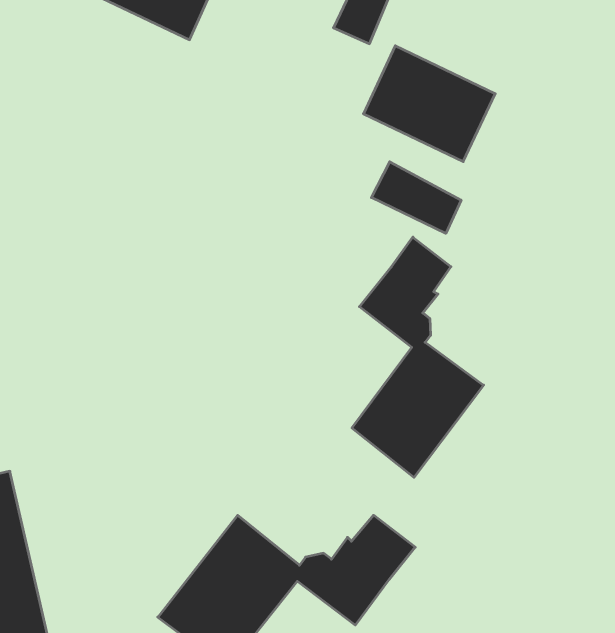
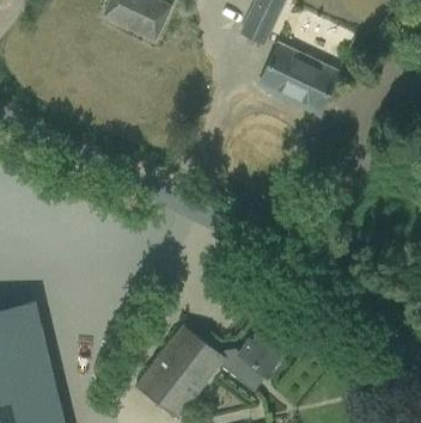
building: [371,162,461,233] -> none
building: [352,237,484,477] -> none

